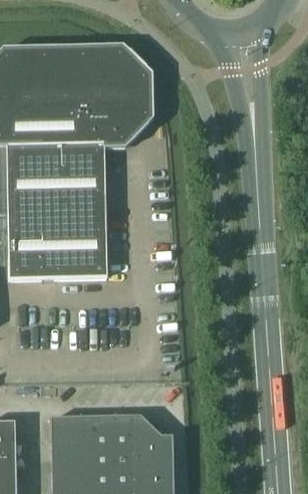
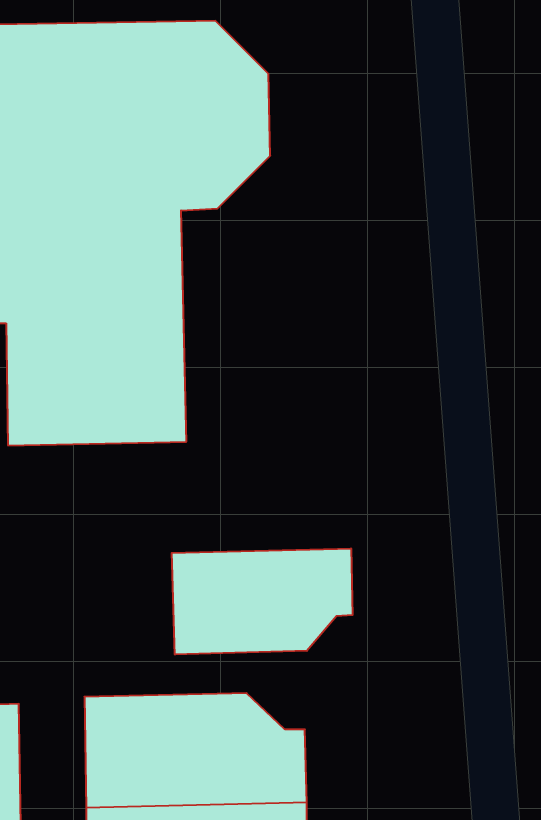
building: none -> [172,548,353,655]

